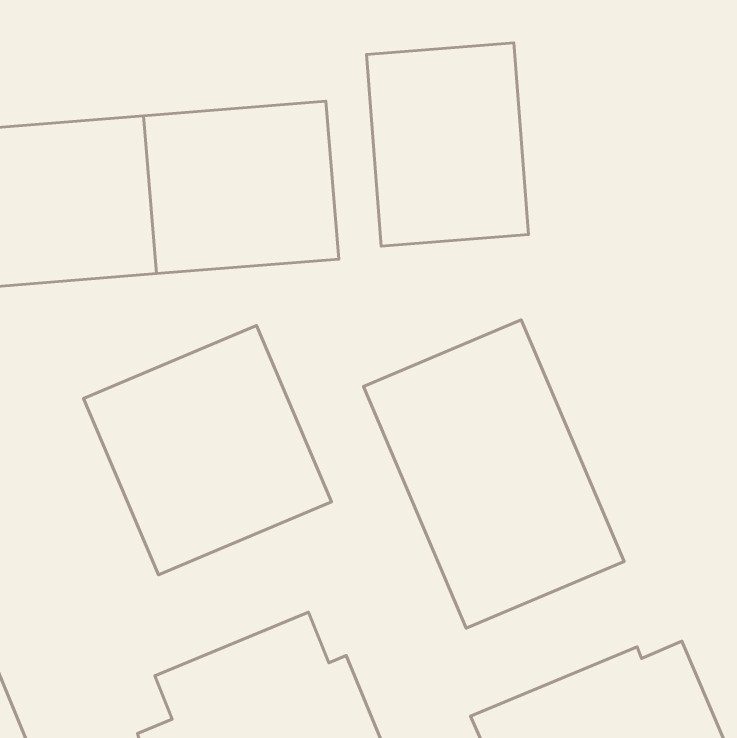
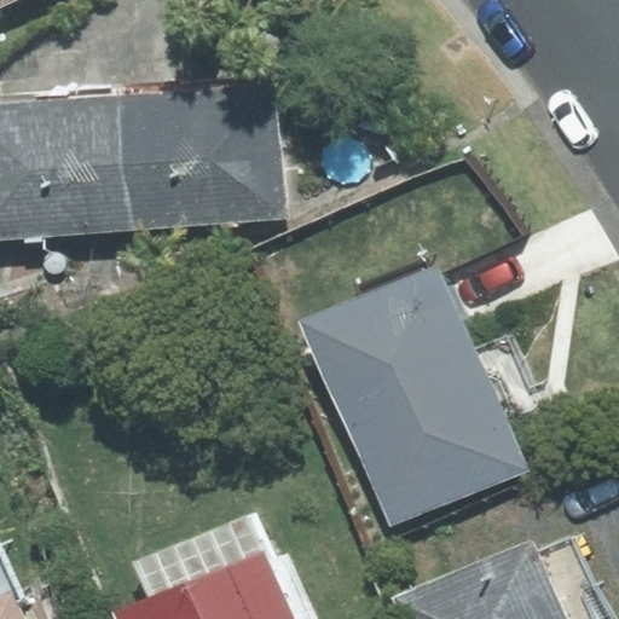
building: [366,43,529,246] -> none
building: [83,325,331,575] -> none

